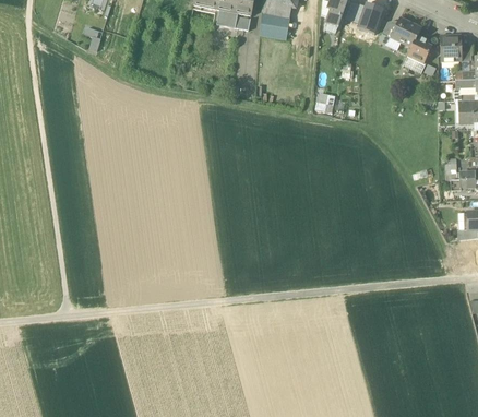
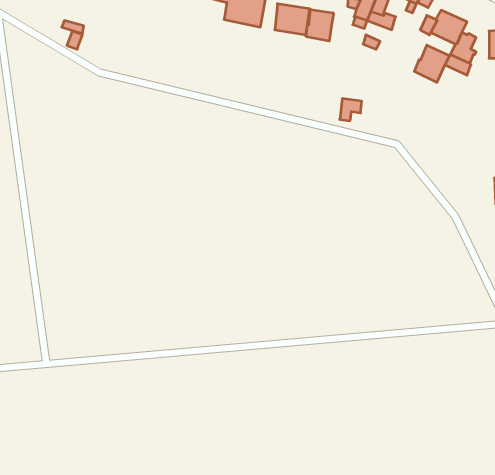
building: none -> [306,9,334,41]
building: none -> [414,45,449,82]

